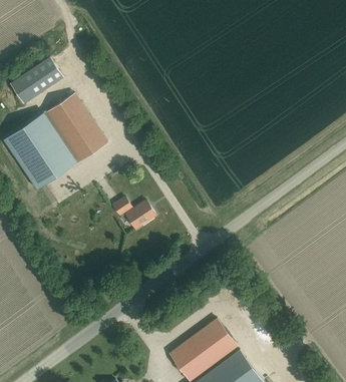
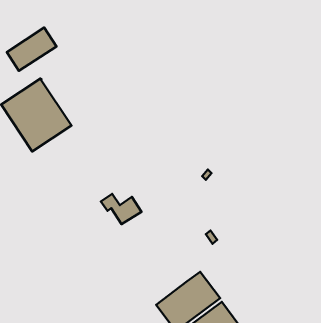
building: [45,93,106,161] -> none
building: [112,197,155,229] -> [101,194,141,224]

